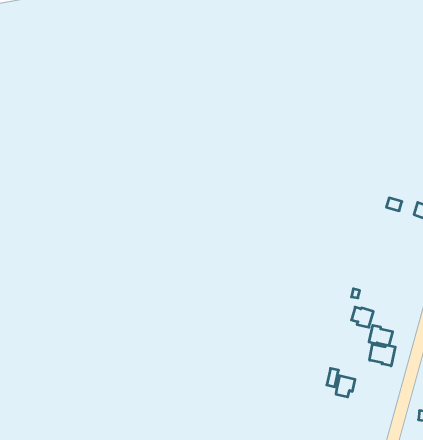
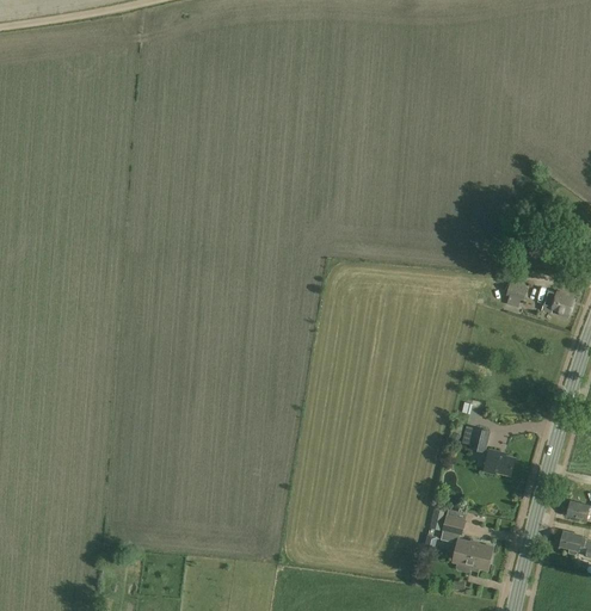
building: [370,344,395,366] -> none
building: none -> [453,538,493,572]

